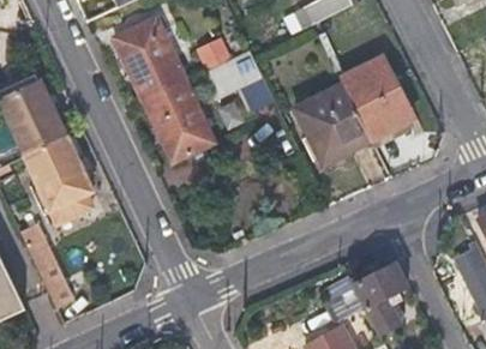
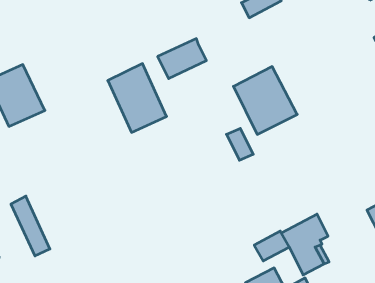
building: [114,19,185,101] -> none
building: [338,58,409,142] -> none
building: [24,137,92,227] -> none

